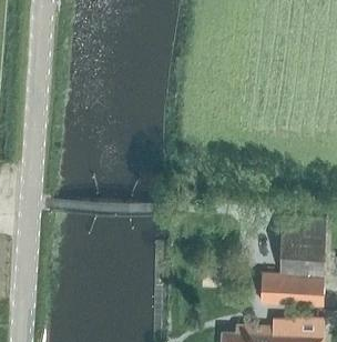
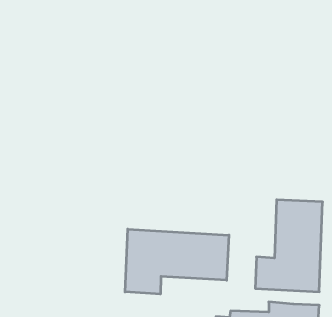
building: none -> [125,229,229,294]

